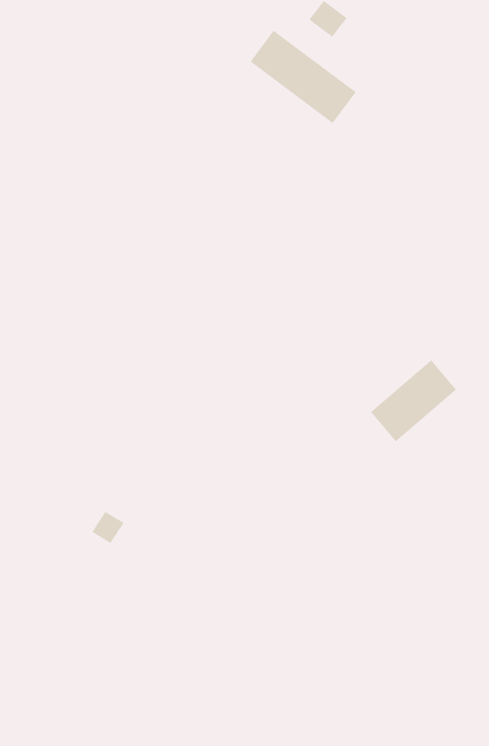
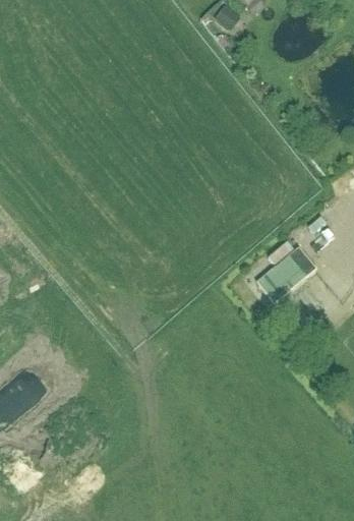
building: [250,30,356,124] -> none

